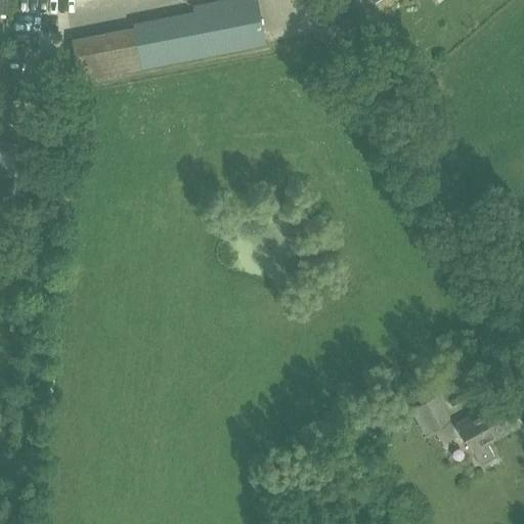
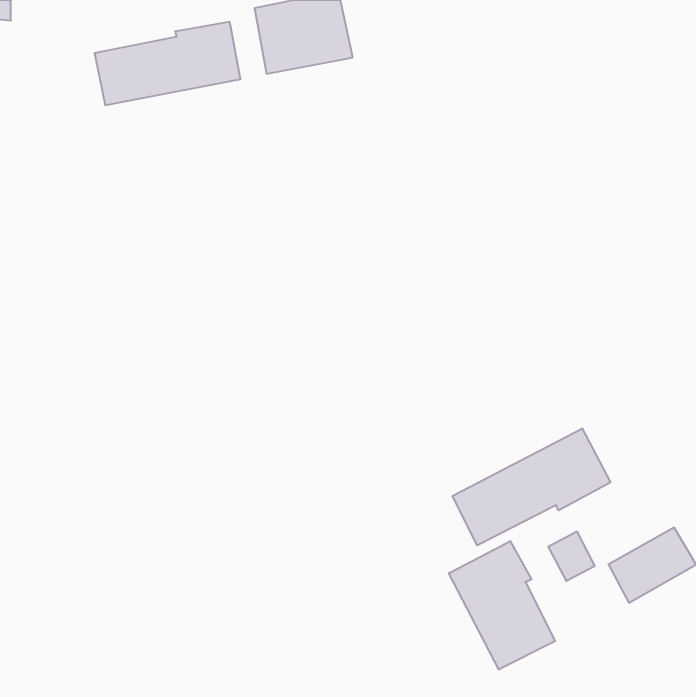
building: none -> [452,428,610,545]
building: none -> [449,541,555,670]

